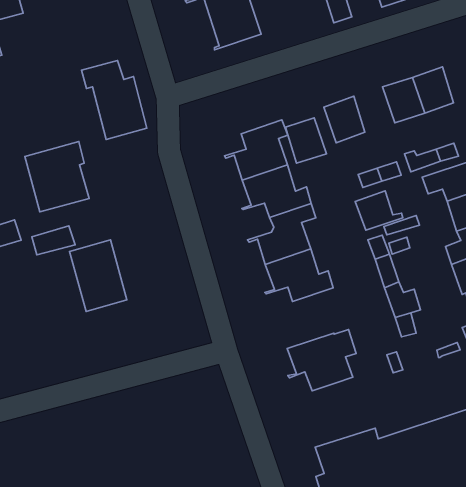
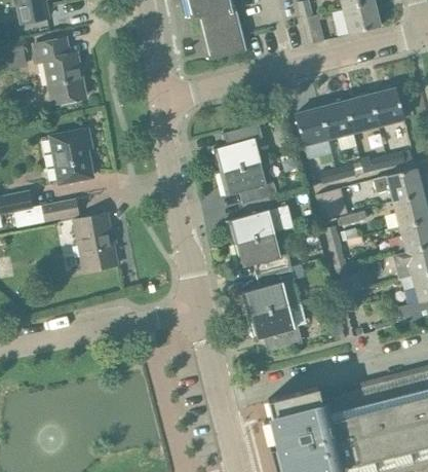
building: [82,60,147,140] -> [35,38,86,104]
building: [285,118,327,163] -> [321,101,354,138]
building: none -> [238,266,296,315]

